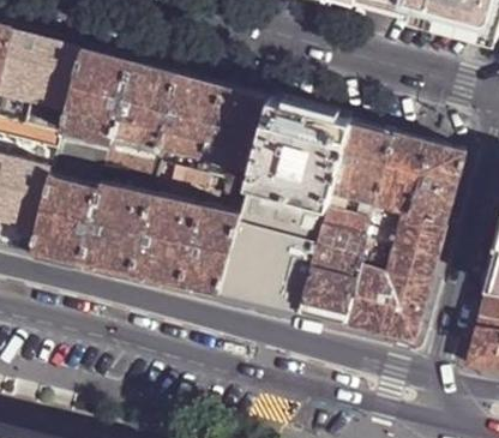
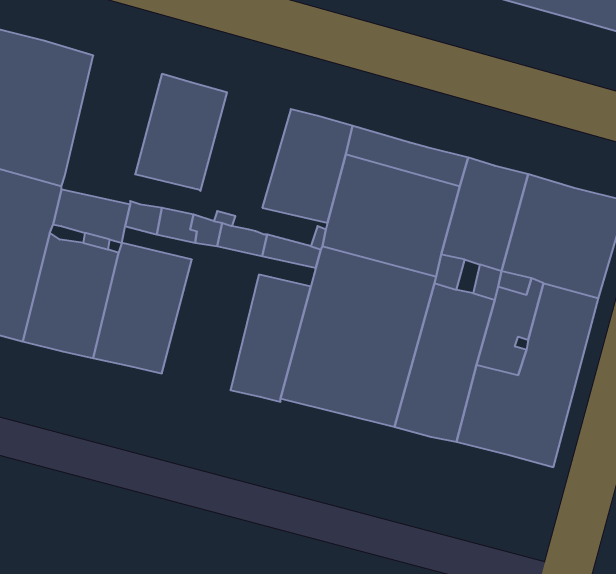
building: [62,50,132,146] -> none
building: [160,77,224,160] -> none
building: [132,197,202,290] -> none

